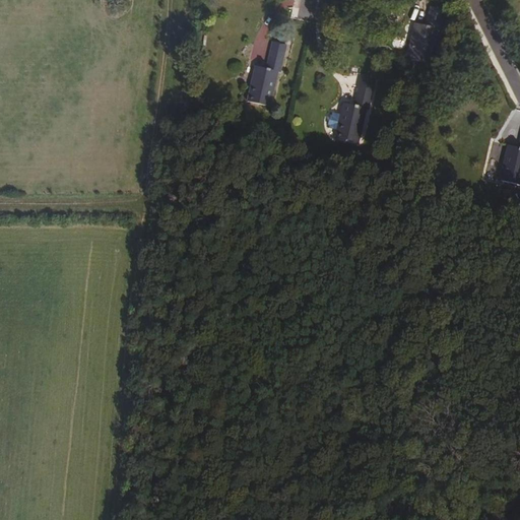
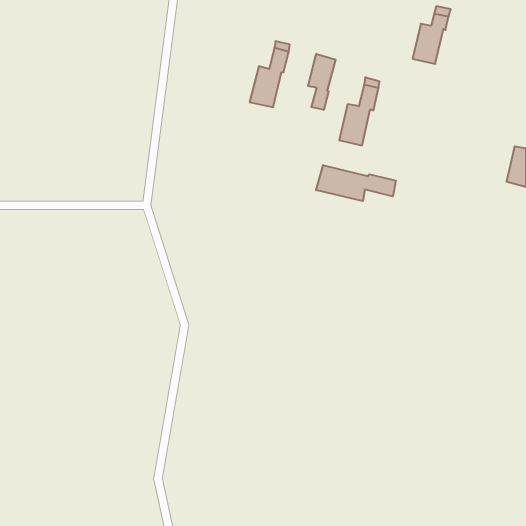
building: none -> [308,54,336,110]
building: none -> [316,165,396,201]

